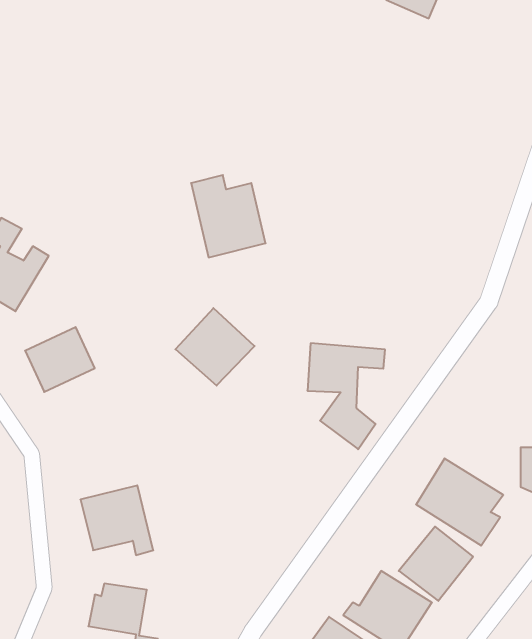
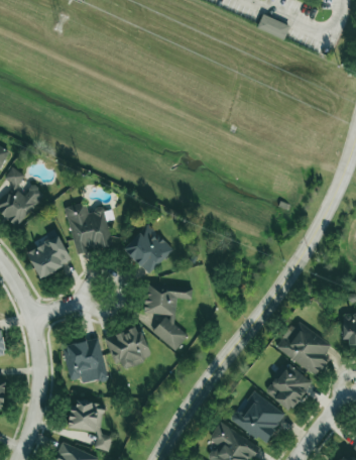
building: [191,175,266,257] -> [66,203,113,255]
building: [307,343,385,449] -> [144,283,194,351]
building: none -> [106,326,152,371]

